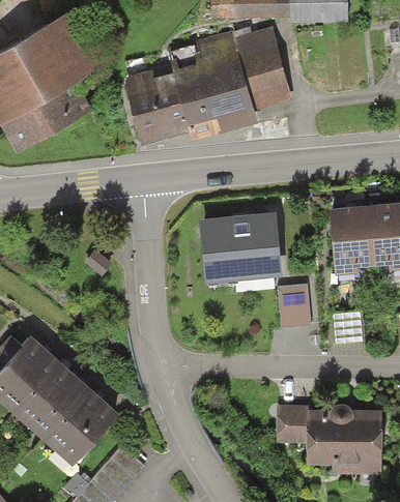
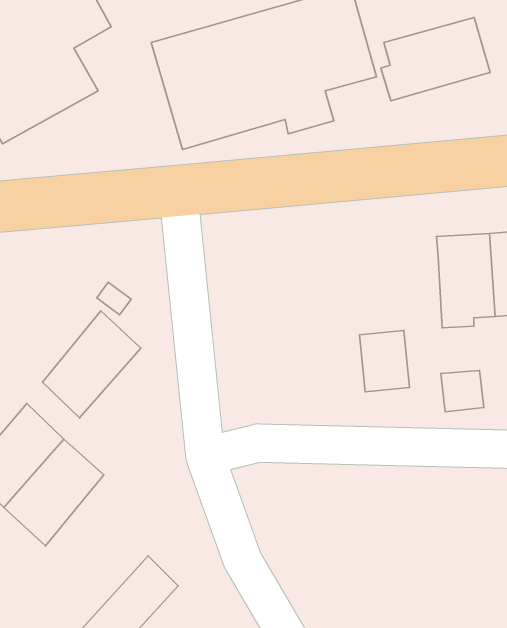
building: none -> [381,17,490,101]
building: [200,203,285,277] -> none
building: [47,387,118,465] -> [42,311,141,418]
building: [276,407,373,467] -> none

